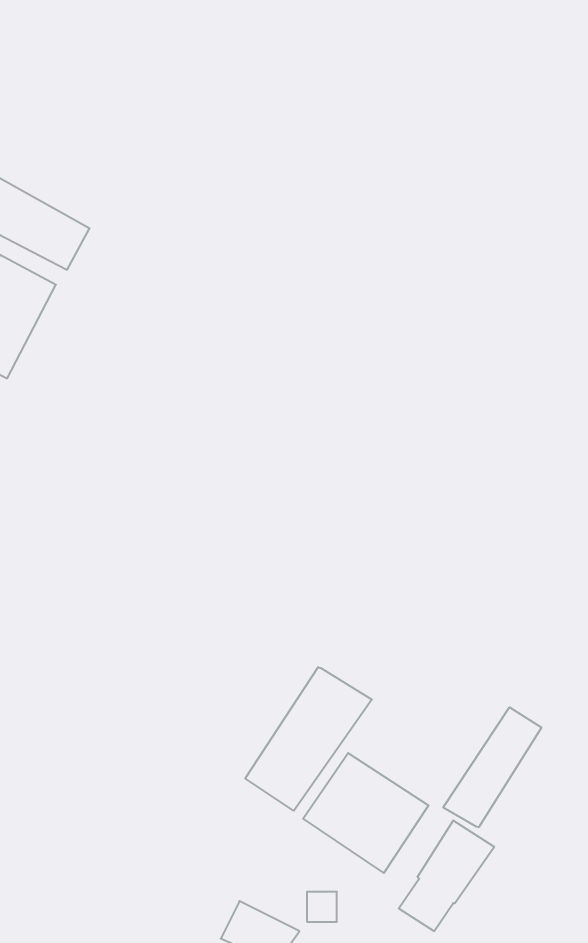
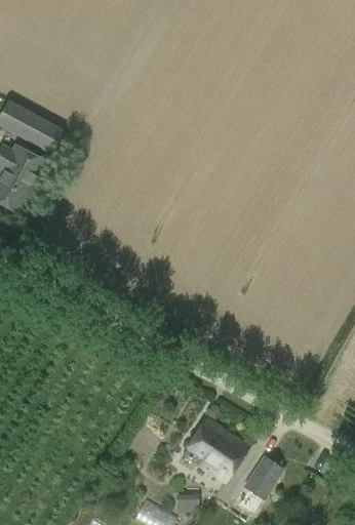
building: [245,667,372,811] -> none
building: [443,707,541,827] -> none

